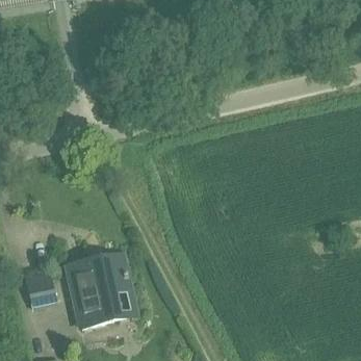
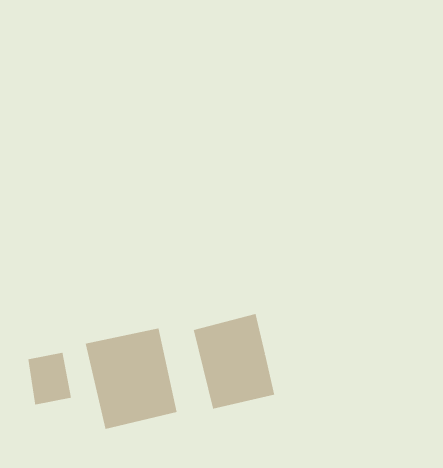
building: none -> [193,313,275,410]

